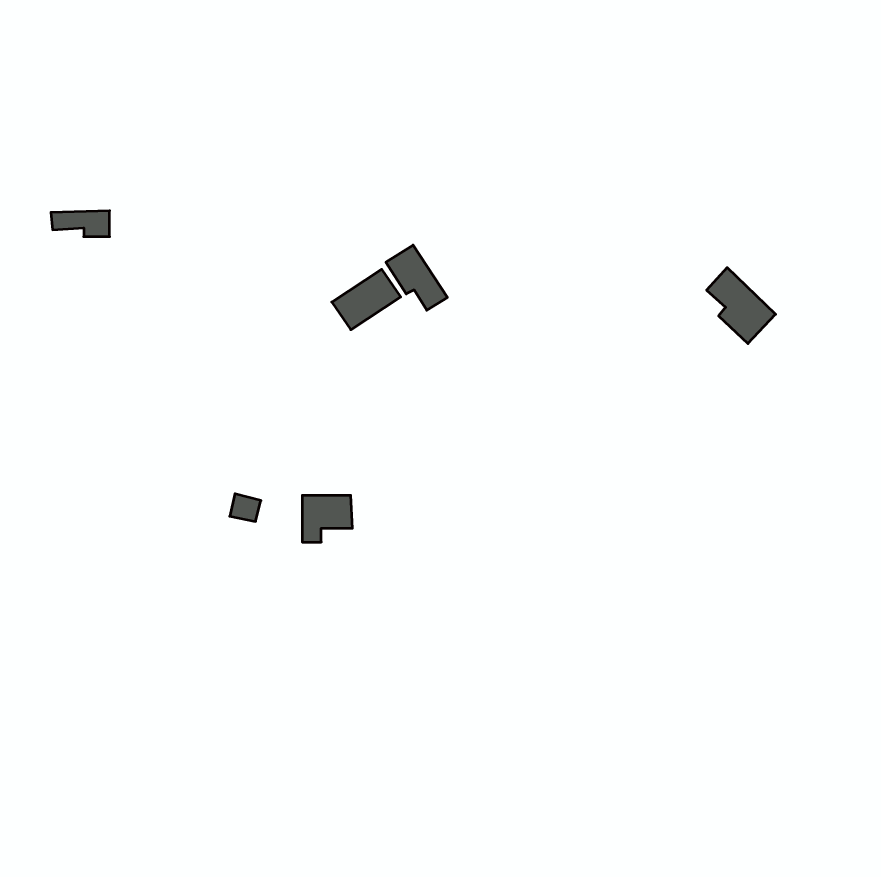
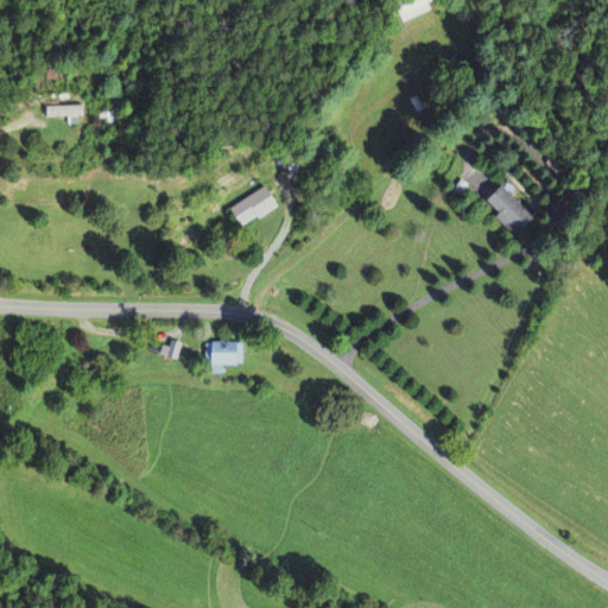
building: [51,211,110,237] -> [45,103,86,121]
building: [386,245,447,310] -> none

